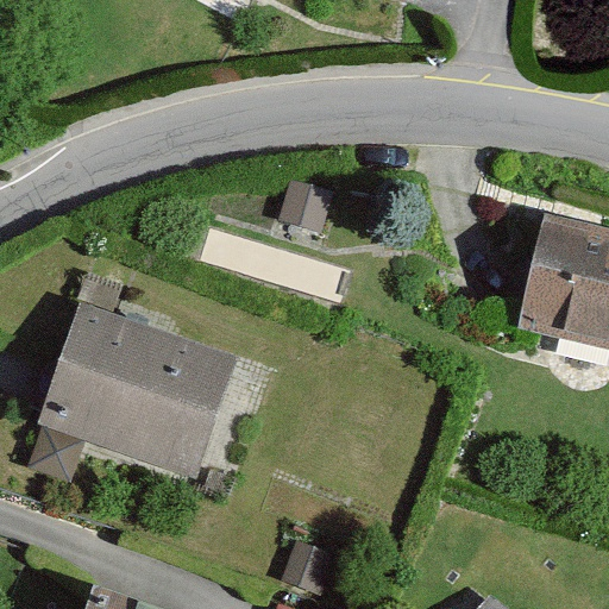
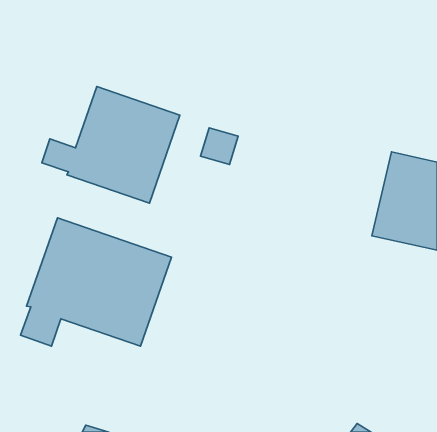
building: none -> [42,86,180,203]

